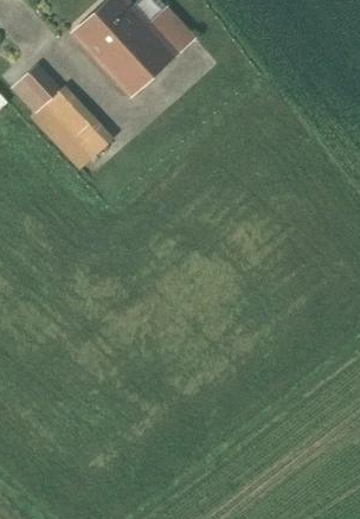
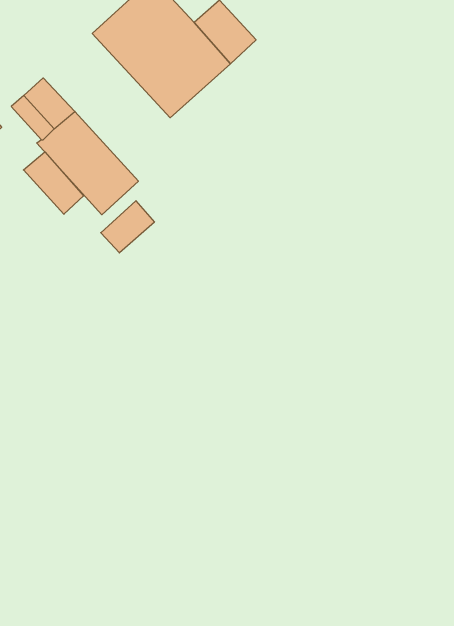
building: none -> [23,152,84,214]
building: none -> [101,201,154,253]

